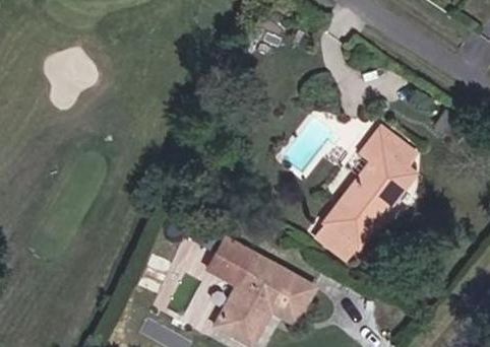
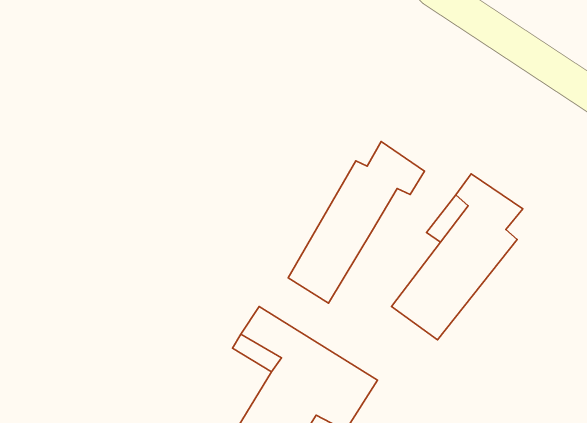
building: none -> [288,142,425,303]

